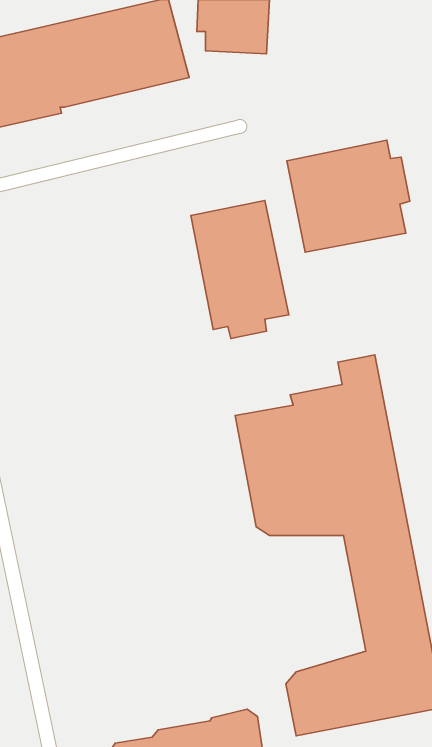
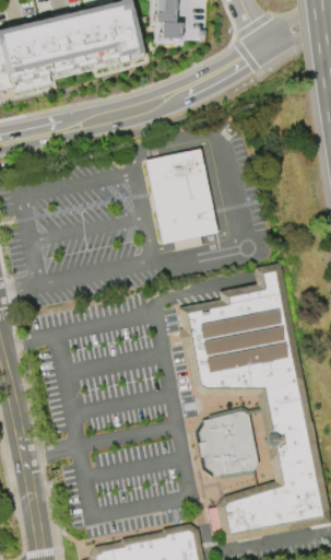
building: [287,140,410,252] -> none
building: none -> [199,410,258,477]

